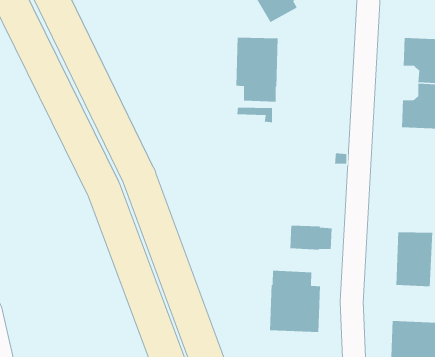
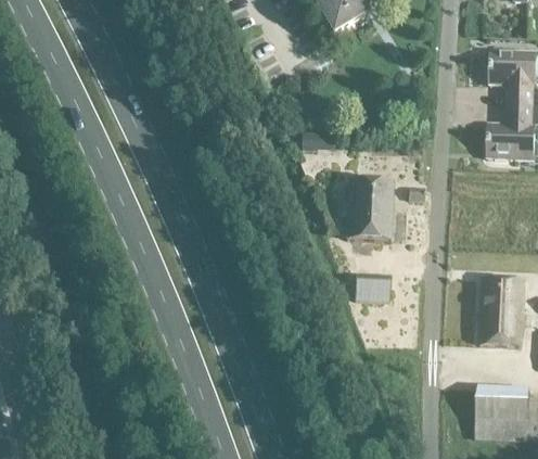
building: [236,37,279,102] -> none
building: none -> [338,180,392,240]
building: [269,270,321,333] -> none

